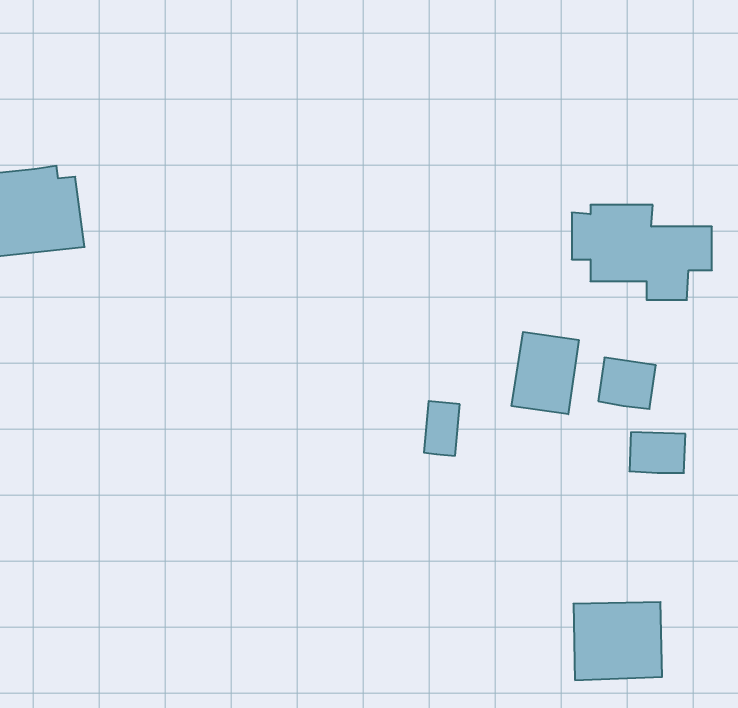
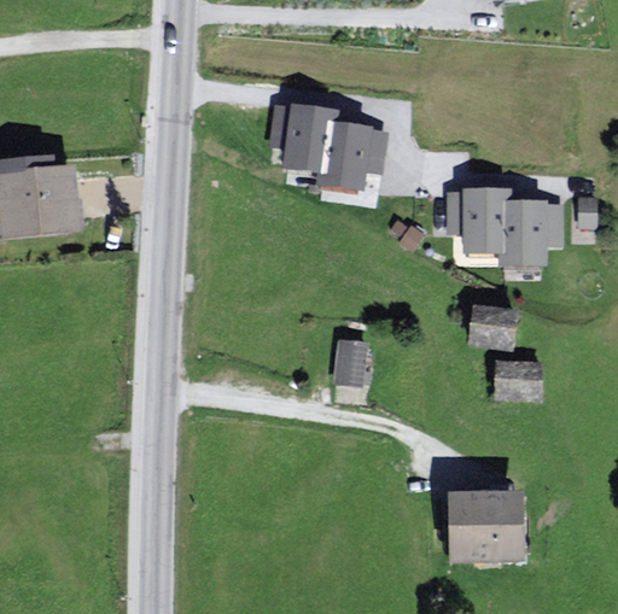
building: none -> [275,104,383,191]
building: [512,332,579,414] -> none

